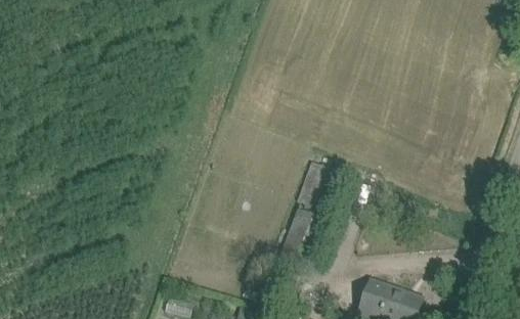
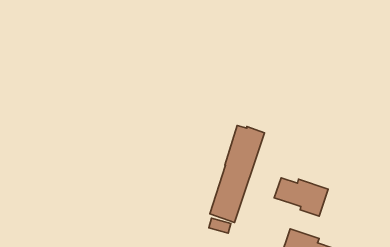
building: none -> [274,178,328,216]

